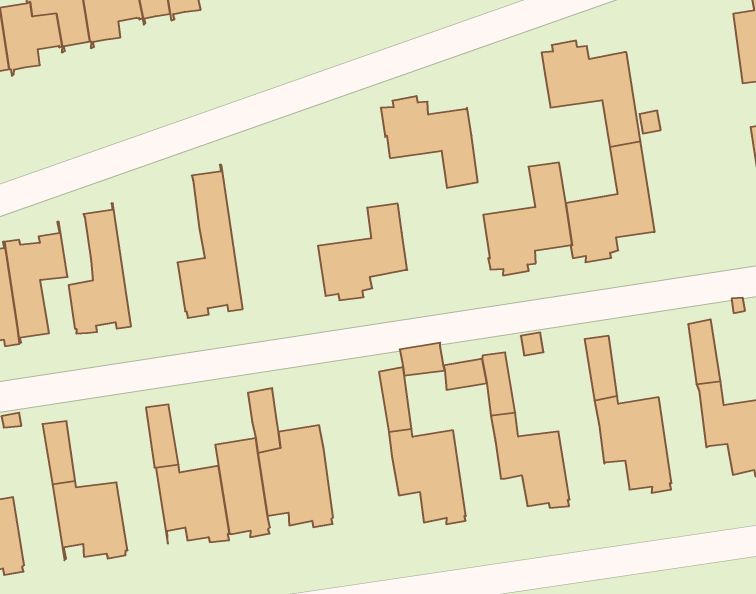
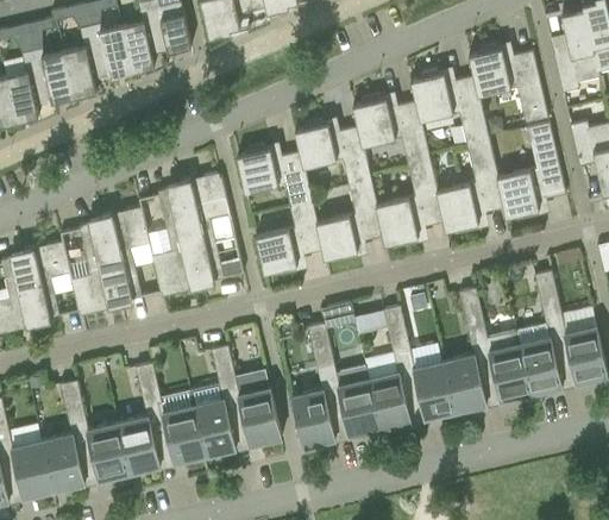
building: none -> [467,45,547,124]
building: none -> [352,95,429,167]
building: none -> [497,123,565,220]
building: none -> [237,145,312,206]
building: none -> [178,173,244,288]
building: none -> [316,181,383,262]
building: none -> [100,207,149,307]
building: none -> [516,324,561,395]
building: none -> [444,355,486,412]
building: none -> [365,366,410,430]
building: none -> [291,389,335,447]
building: none -> [118,411,159,474]
building: none -> [42,428,83,491]

